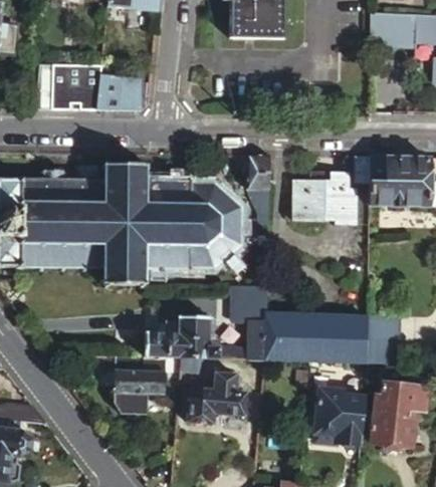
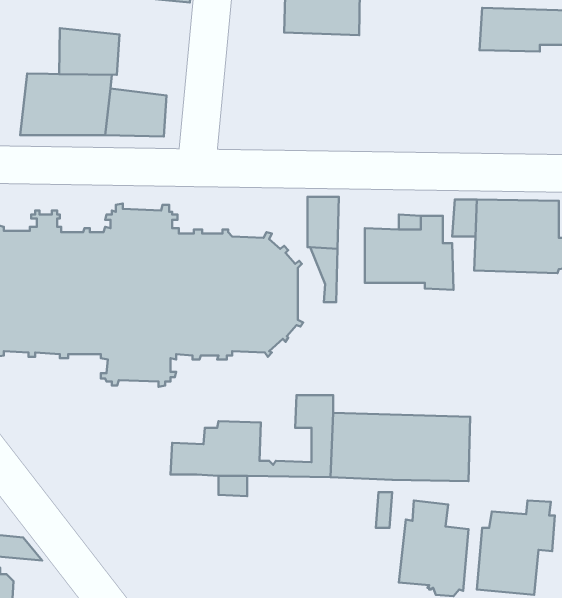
building: none -> [59,28,119,75]
building: [365,315,399,363] -> none
building: [113,356,165,410] -> none
building: [186,374,247,430] -> none

